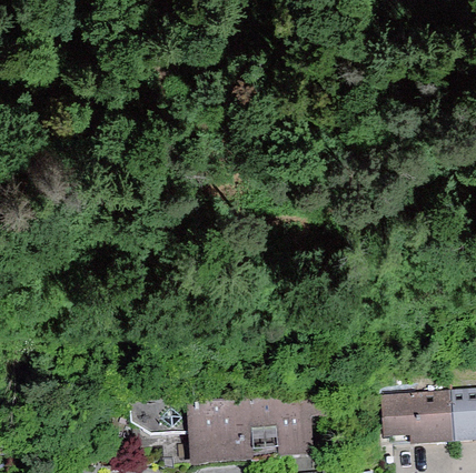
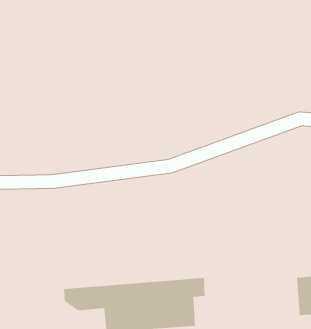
building: [380,390,456,446] -> none

